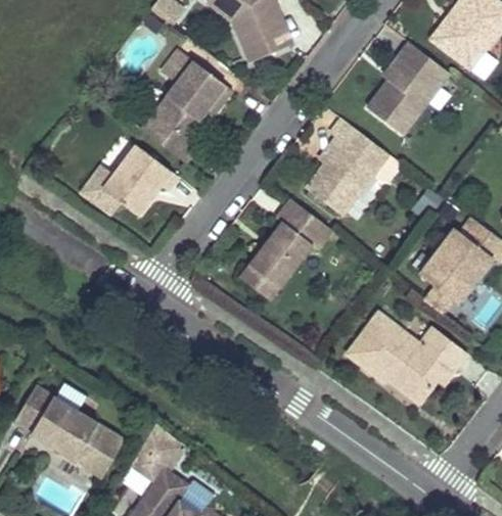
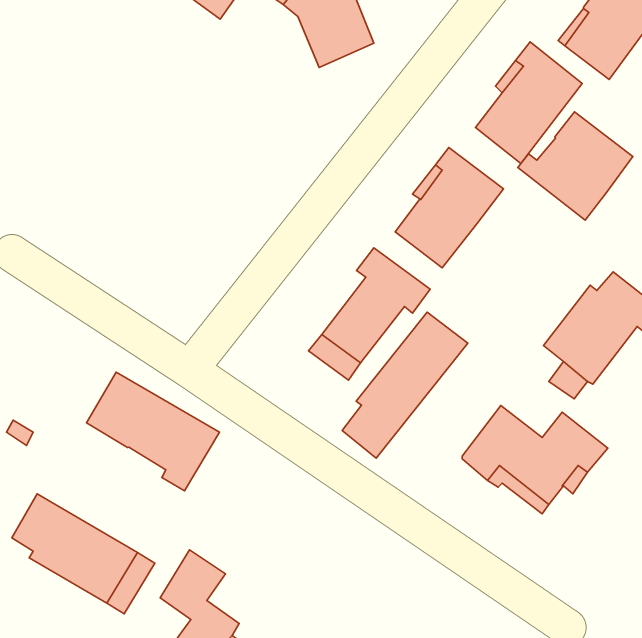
building: [141,48,232,160] -> none
building: none -> [518,112,633,220]
building: [101,143,176,215] -> none
building: none -> [342,312,468,458]
building: none -> [86,372,220,491]

